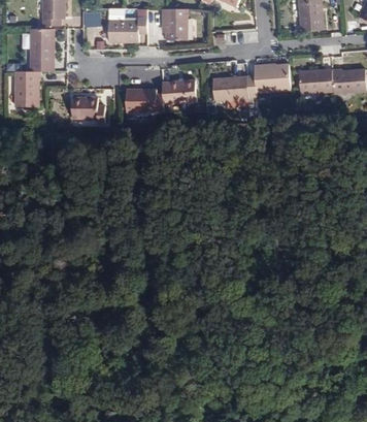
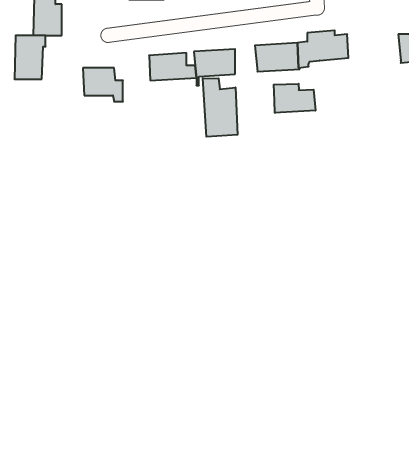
building: [299,69,333,93] -> none
building: none -> [203,78,238,137]
building: none -> [274,84,315,113]

